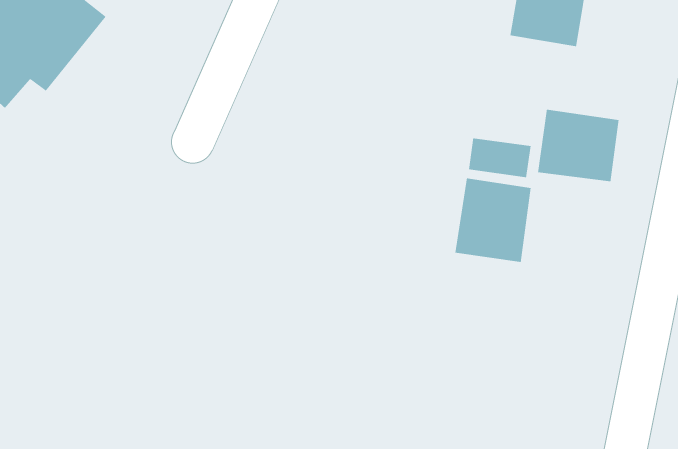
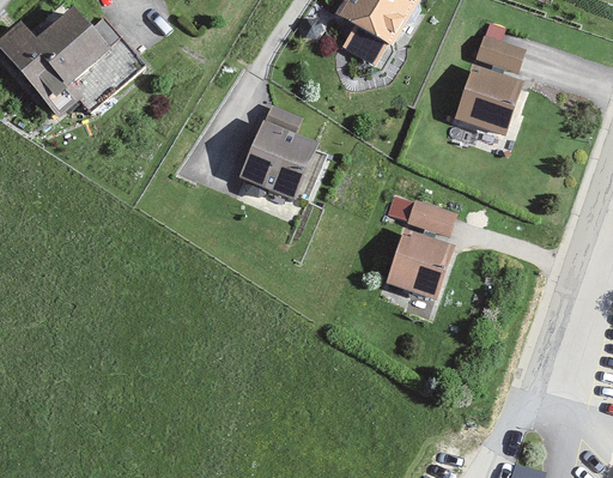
building: none -> [239,123,314,201]
building: [538,109,619,182] -> none

